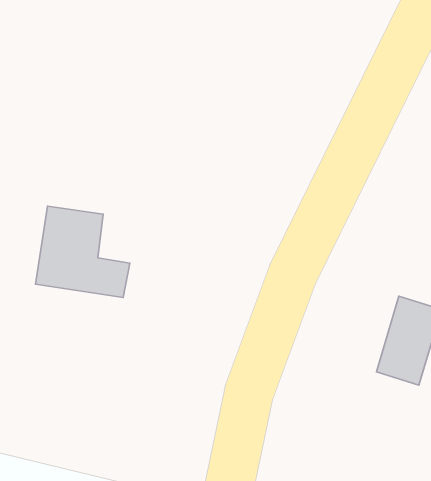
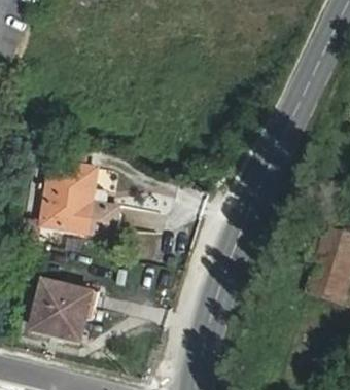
building: none -> [28,281,96,342]

